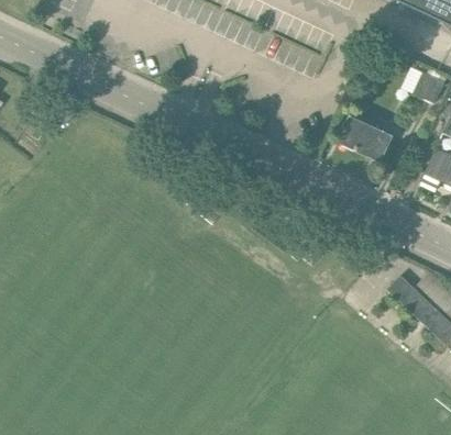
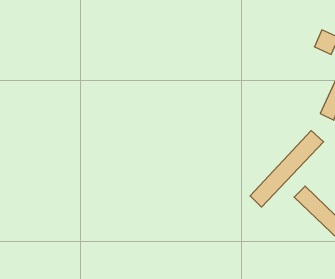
building: [342,116,394,161] -> none
building: none -> [250,131,324,207]

